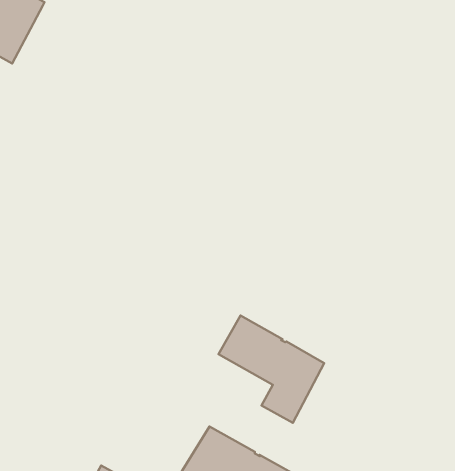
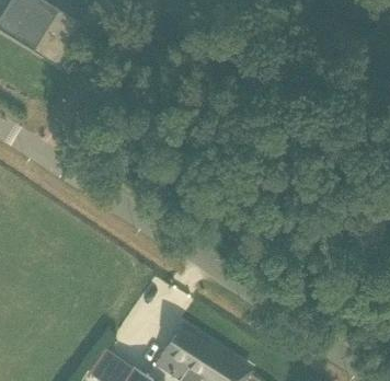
building: [219,315,324,423] -> none

